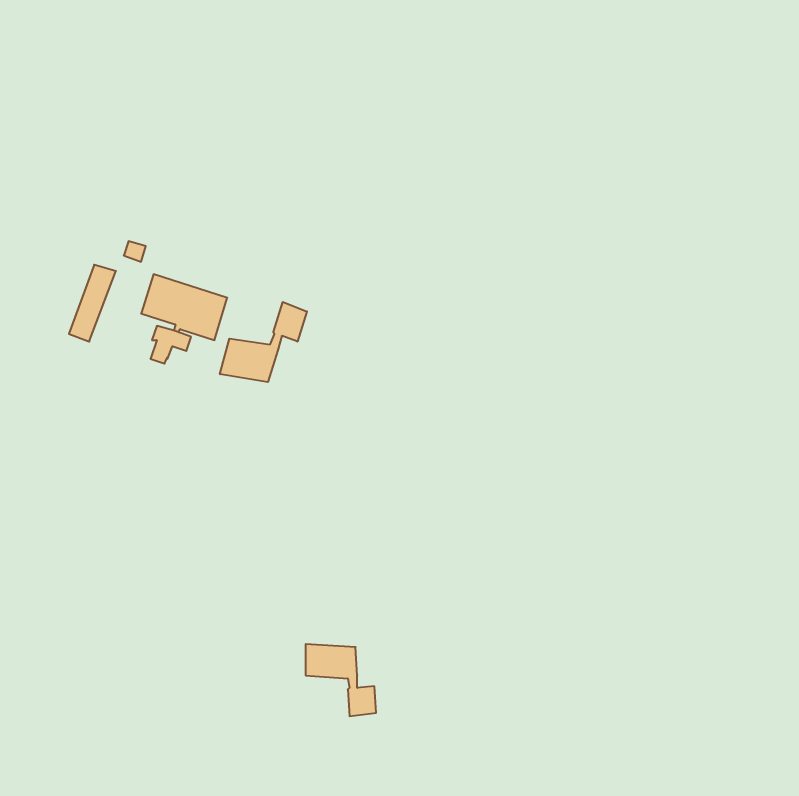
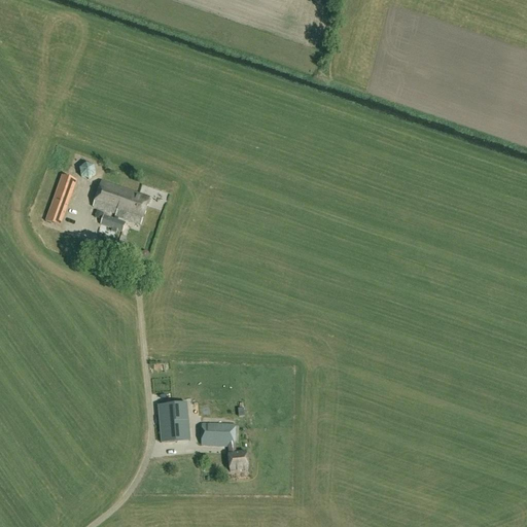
building: [220,302,307,382] -> none
building: none -> [157,401,188,441]

